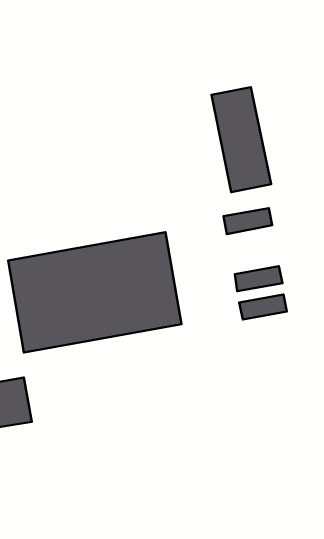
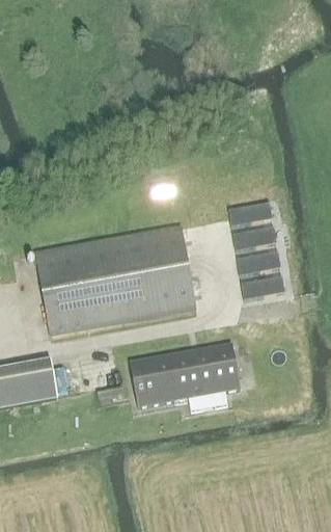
building: [212,87,271,192] -> none
building: none -> [238,229,281,252]
building: none -> [129,342,240,409]

